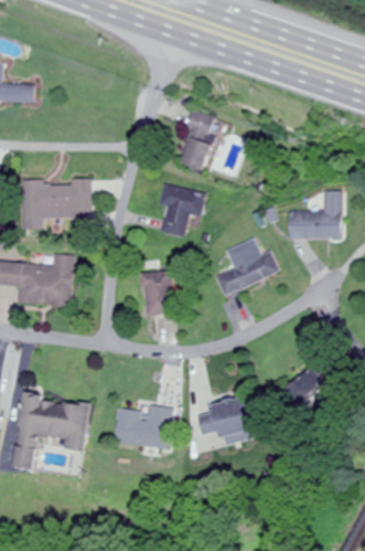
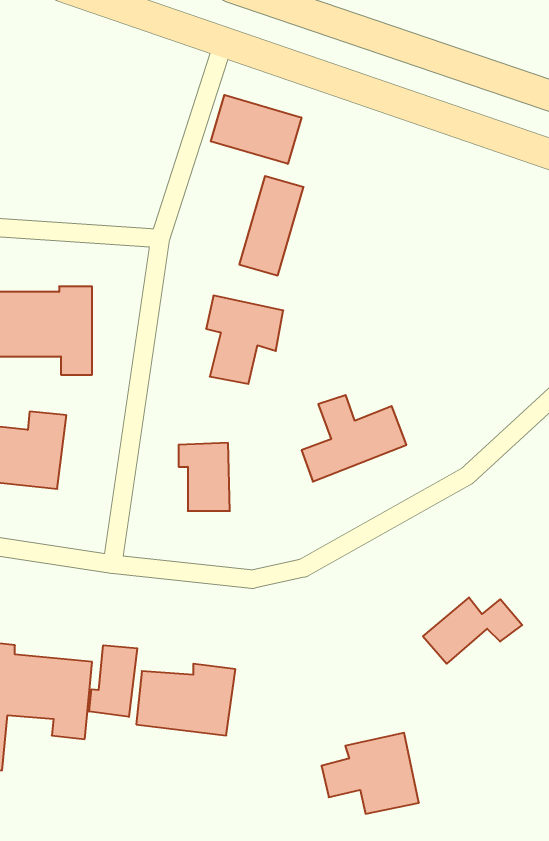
building: none -> [211,95,301,164]
building: [288,191,341,237] -> none
building: none -> [89,645,137,717]
building: [200,395,258,444] -> [321,733,419,814]

